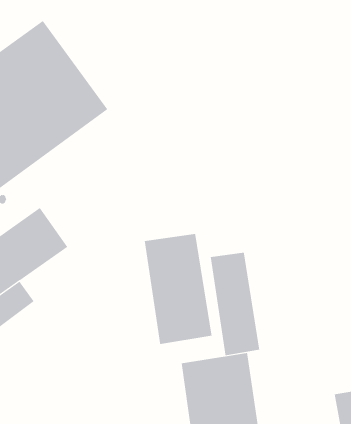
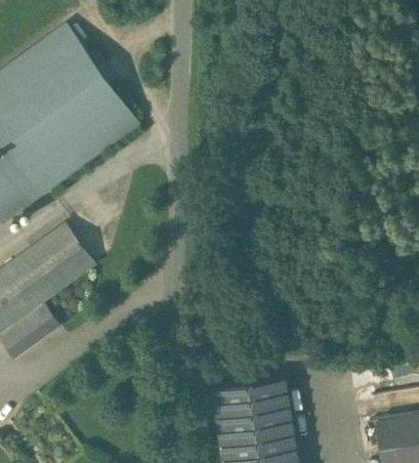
building: [144,233,212,345] -> none
building: [210,252,260,356] -> none

